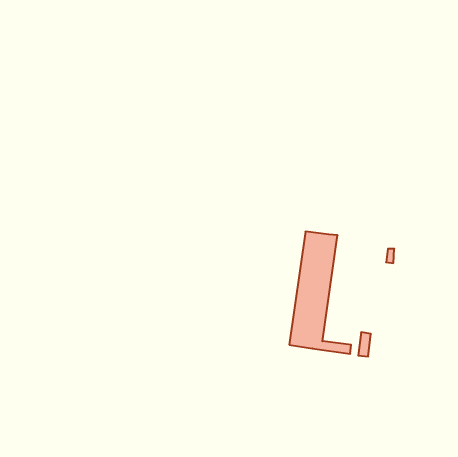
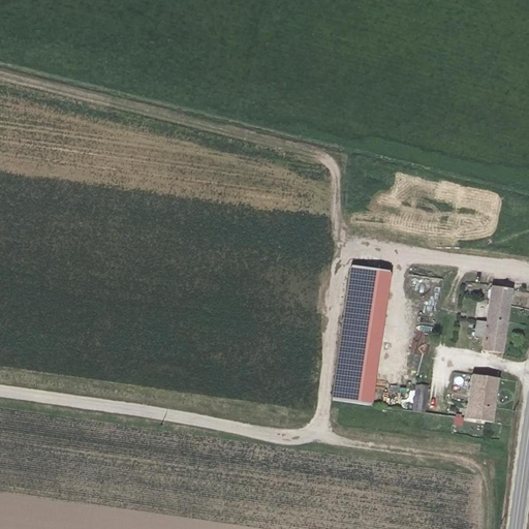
building: none -> [481,285,511,350]
building: none -> [466,374,499,421]

